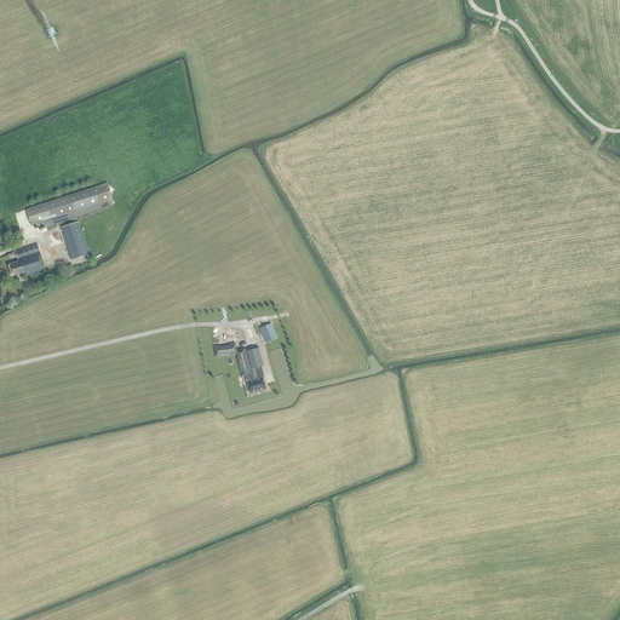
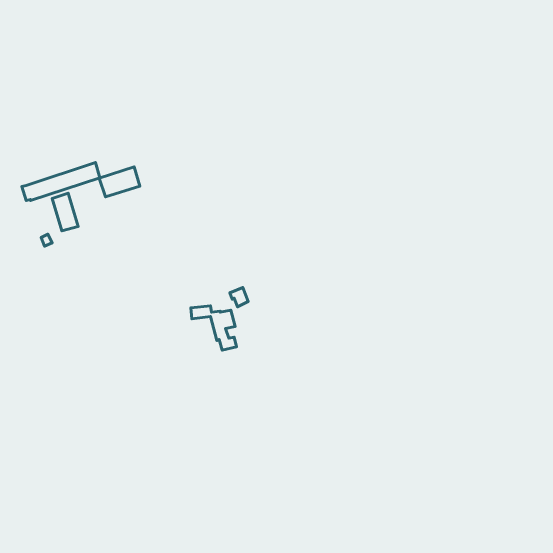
building: none -> [99,167,140,197]
building: [7,243,44,275] -> none

